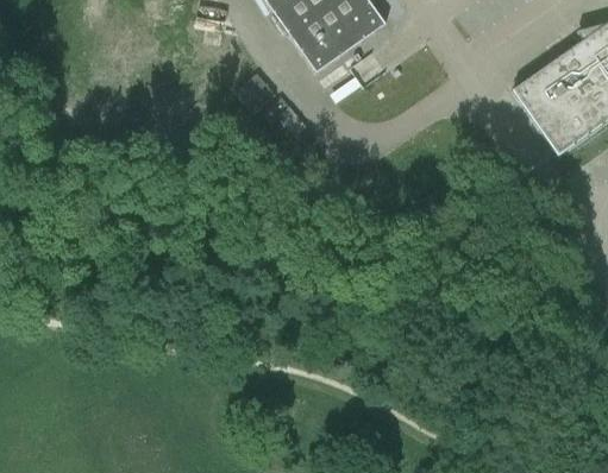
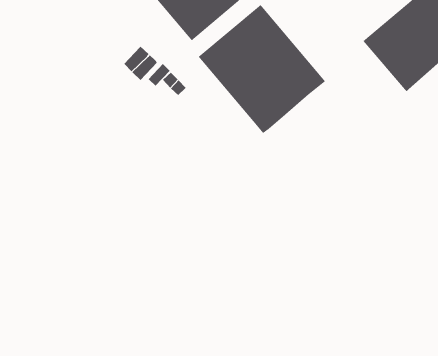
building: none -> [198,4,326,134]

